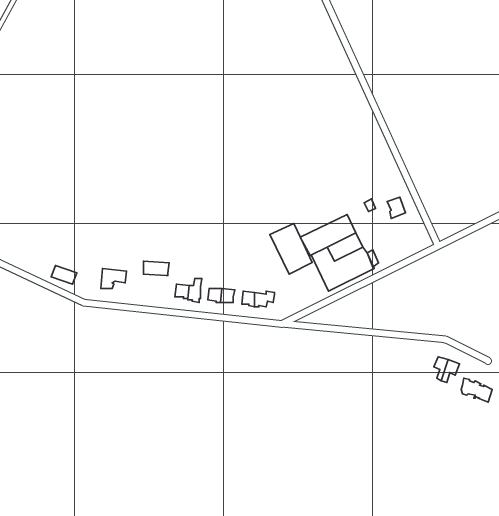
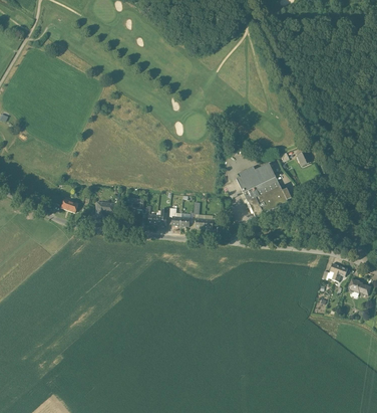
building: [270,224,312,274] -> none

